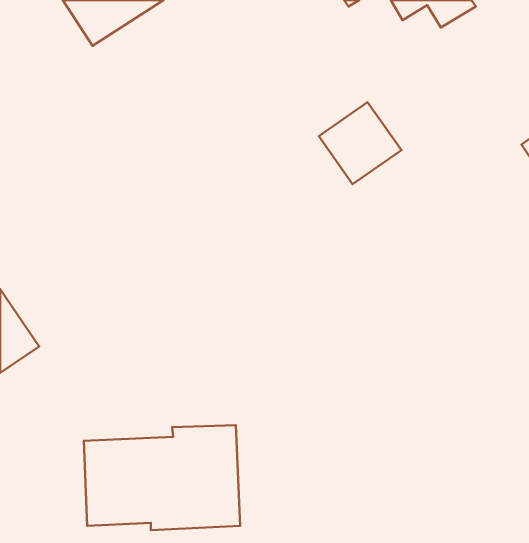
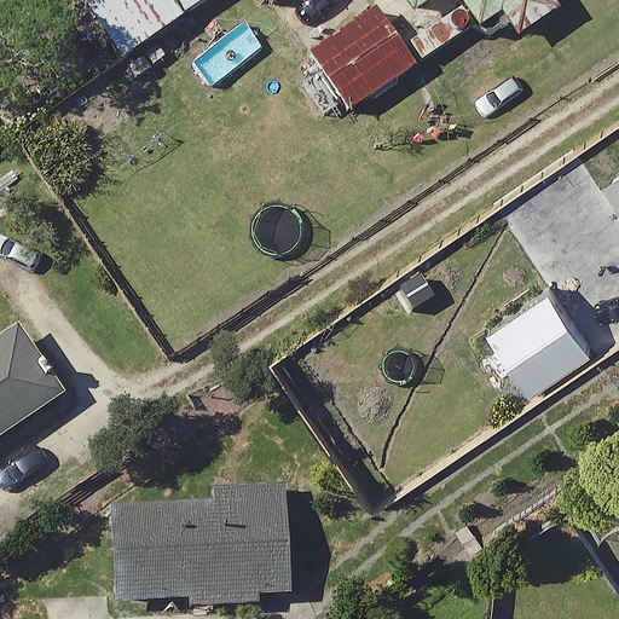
building: [319,102,402,184] -> [317,12,411,105]
building: none -> [491,276,595,382]

